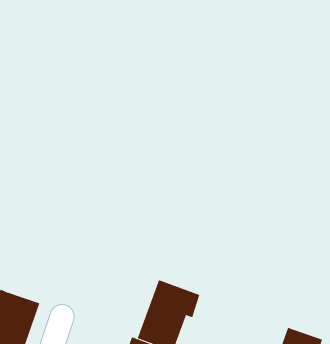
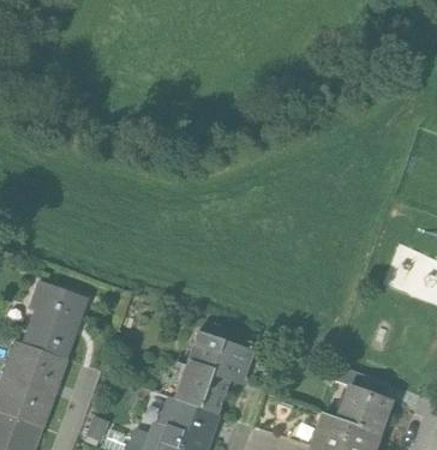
building: none -> [25,281,86,358]

